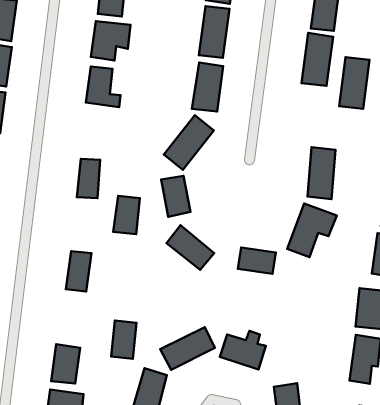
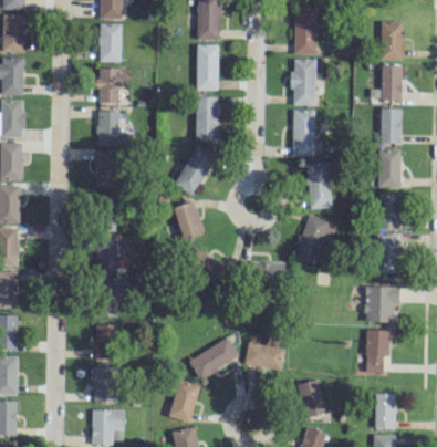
building: [339,57,370,109] -> [293,110,316,155]
building: none -> [95,153,119,189]
building: [113,196,140,234] -> [96,239,117,272]
building: [111,321,137,359] -> [96,324,116,357]

